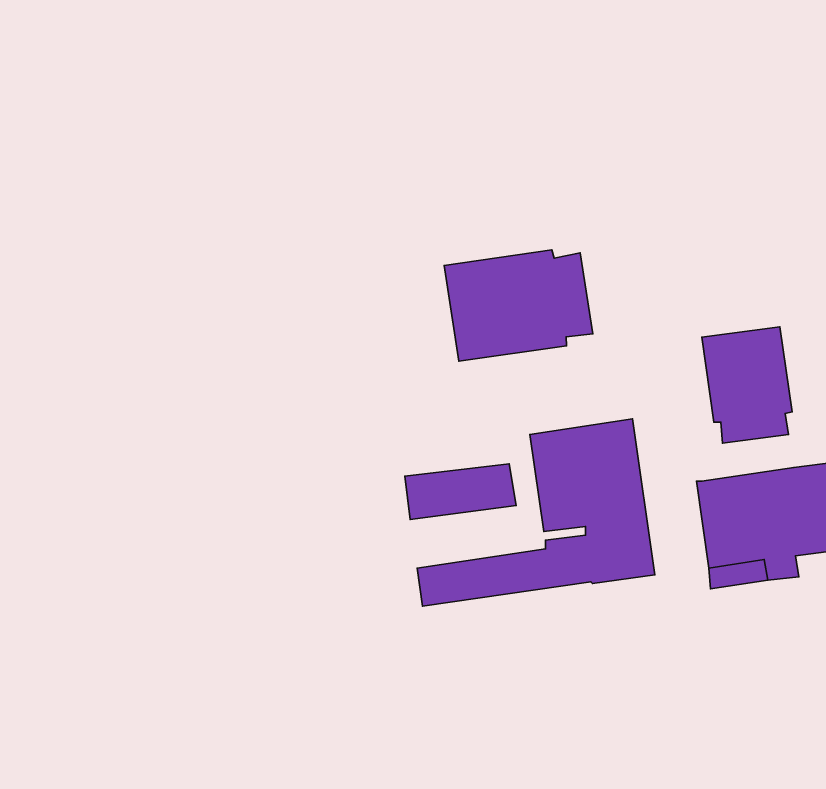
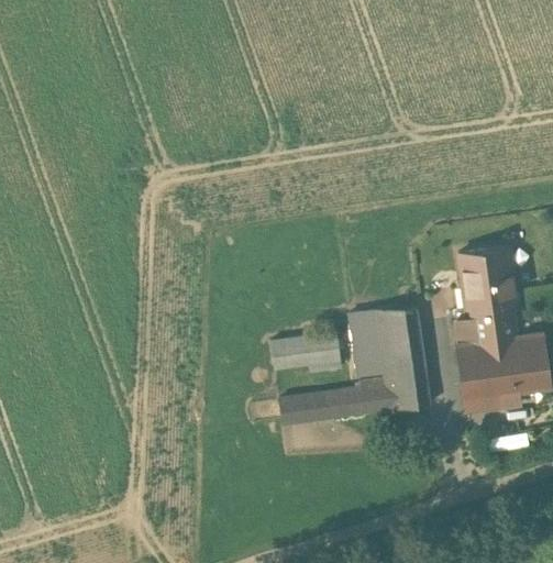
building: [444,250,593,361] -> none
building: none -> [455,316,516,345]

